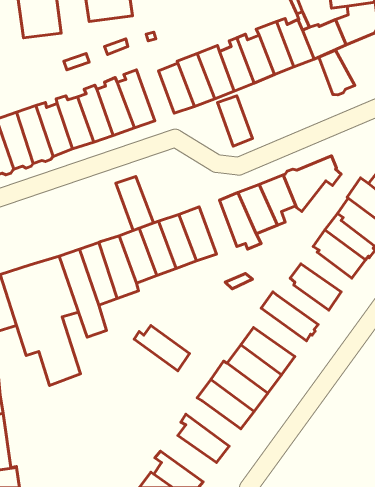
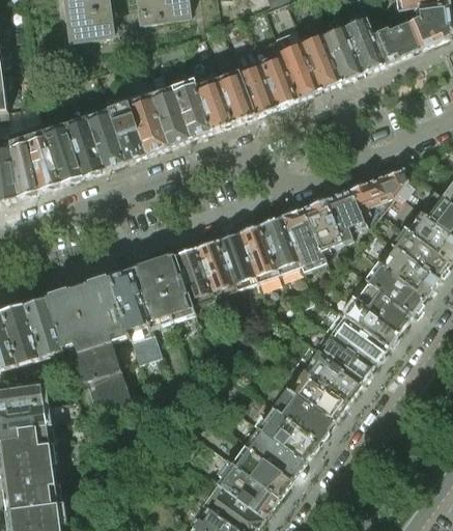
building: [319,50,355,95] -> none
building: [218,96,252,146] -> [195,77,232,131]
building: [116,176,153,230] -> [259,216,300,274]
building: none -> [368,266,423,314]
building: none -> [343,300,398,350]
building: none -> [313,332,374,384]
building: [134,326,189,371] -> [245,431,304,480]
building: none -> [218,466,278,519]

